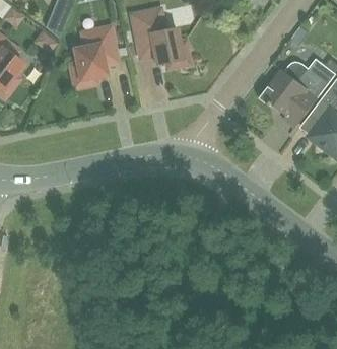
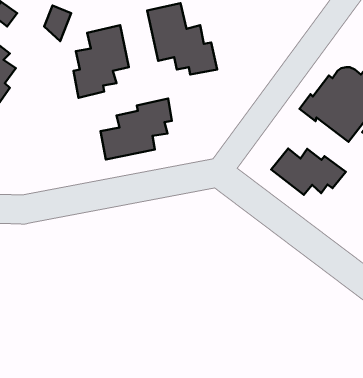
building: none -> [101,99,172,159]
building: none -> [271,149,346,195]

